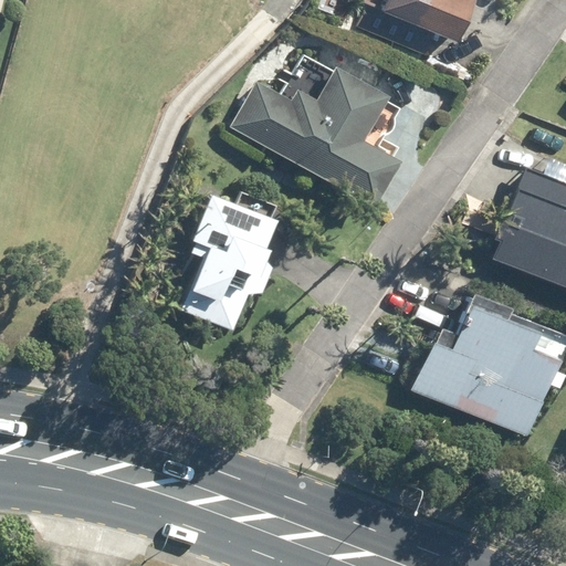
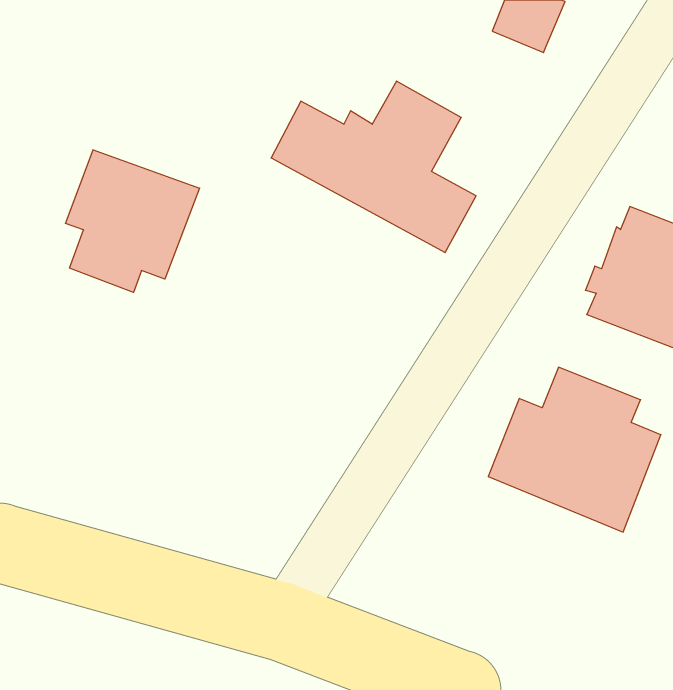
building: none -> [65,150,200,292]
building: [181,193,275,328] -> none

